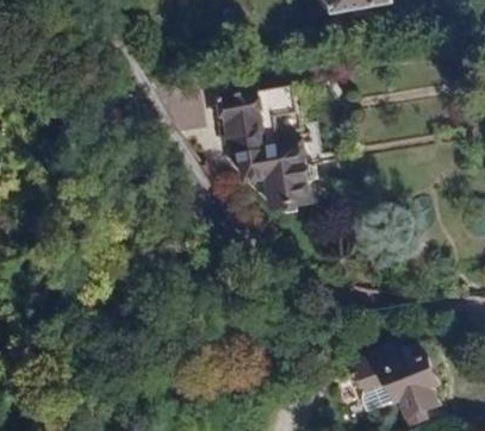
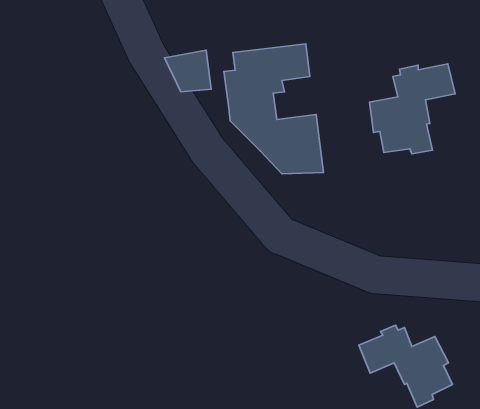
building: none -> [369,64,455,154]

